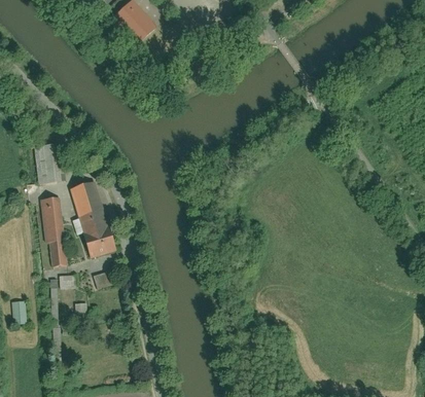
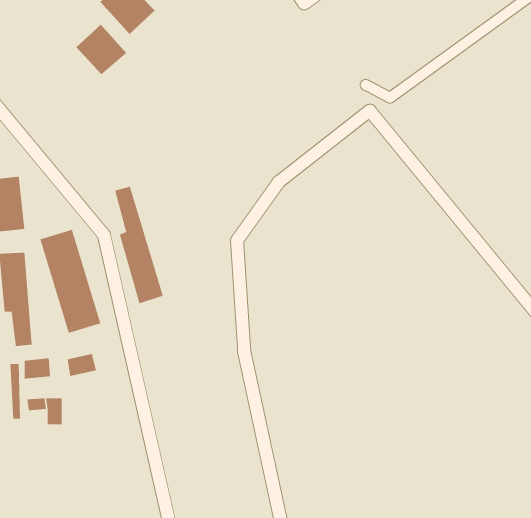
building: none -> [76,24,127,75]
building: none -> [115,186,164,304]

